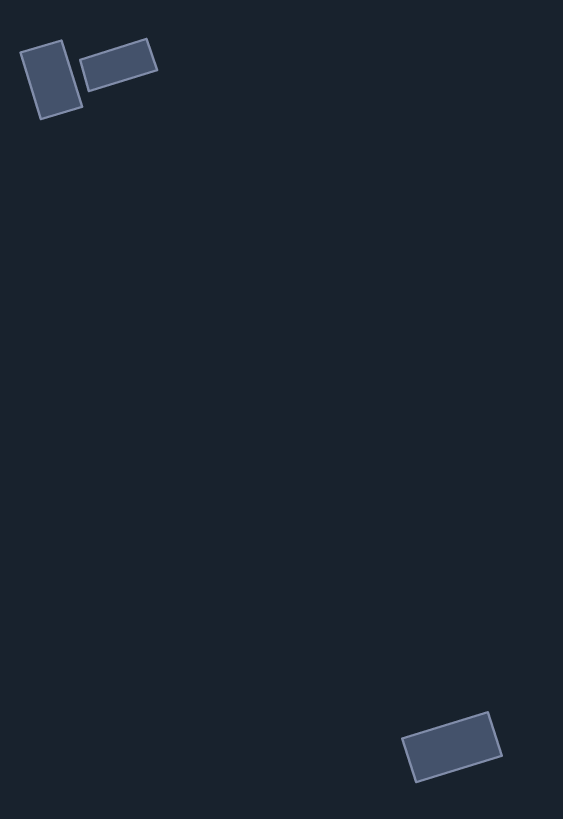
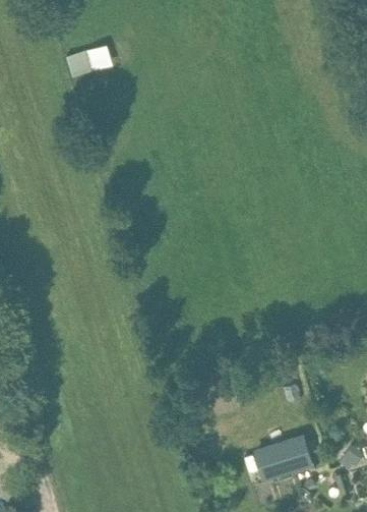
building: [20,40,82,119] -> none

